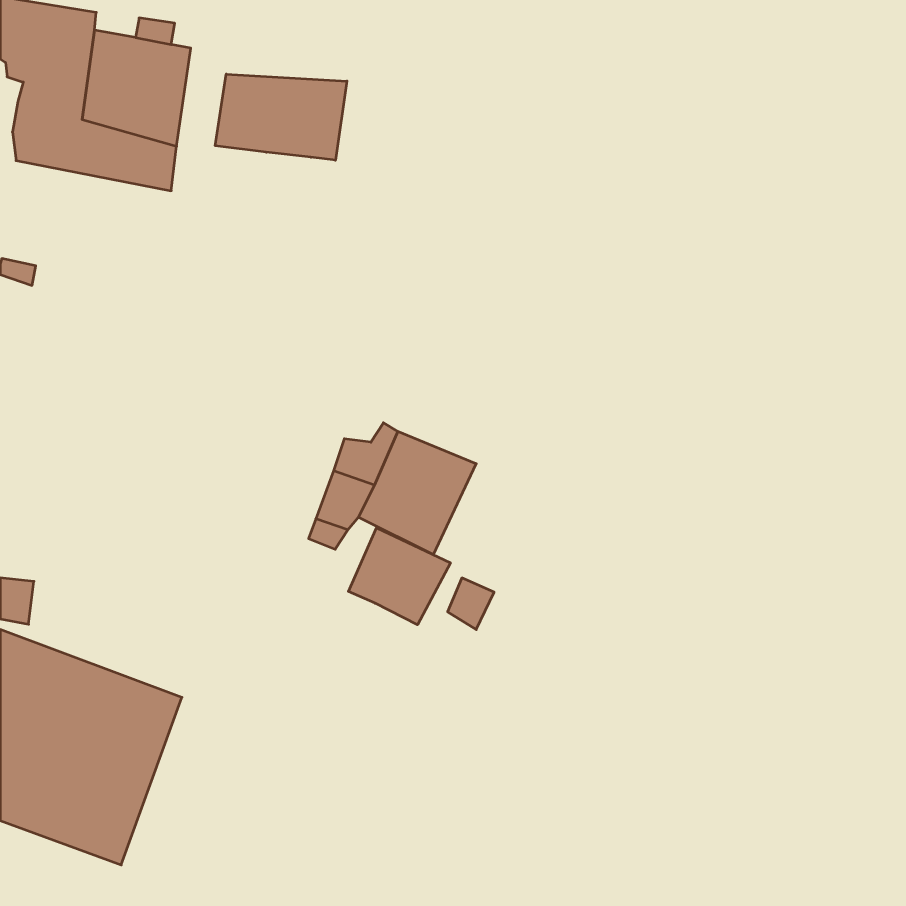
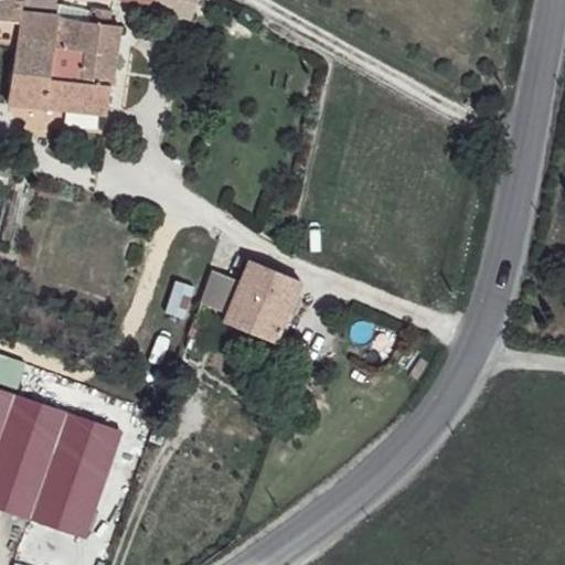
building: [215,74,347,160] -> none
building: [348,528,450,625] -> none

